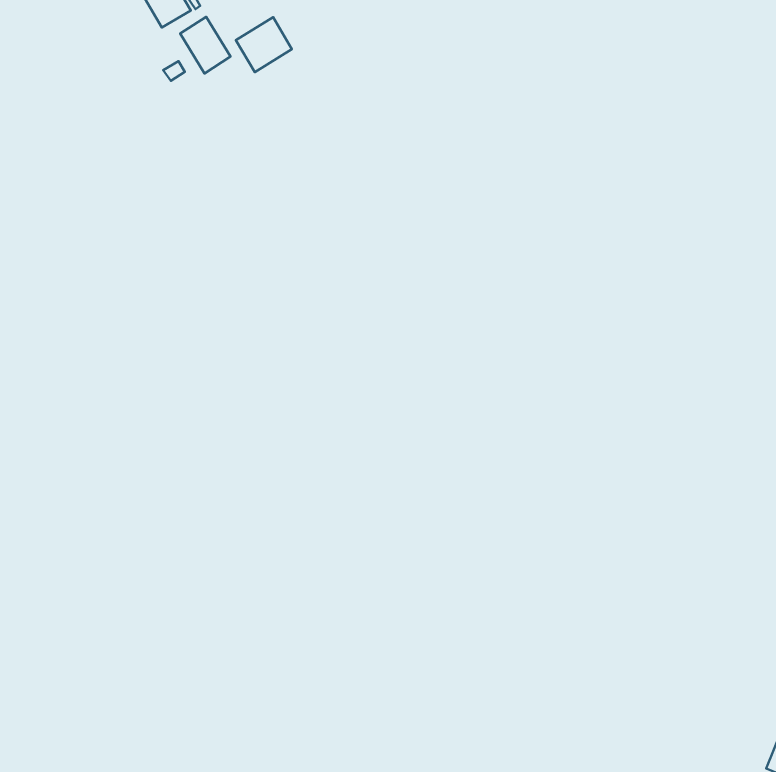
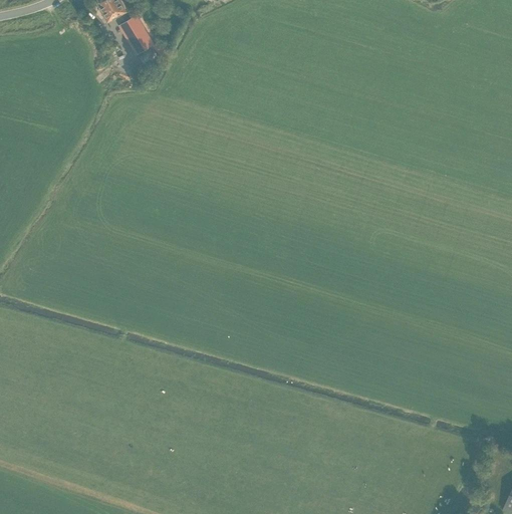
building: [236,17,292,72] -> none

